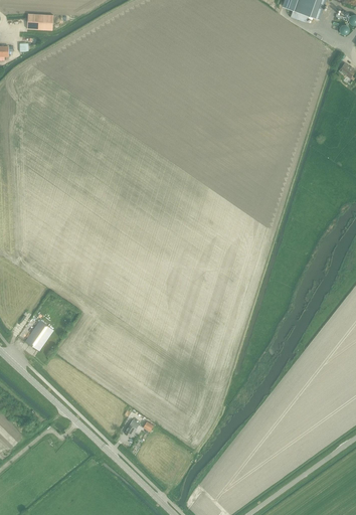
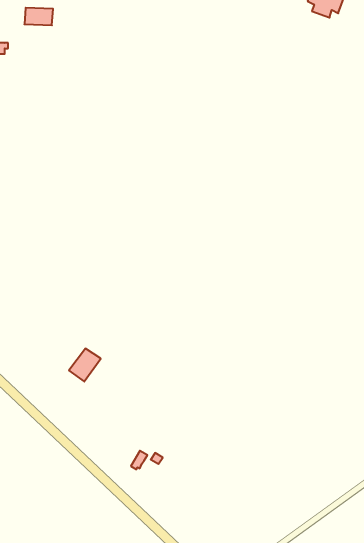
building: [24,320,53,350] -> [69,349,101,382]

